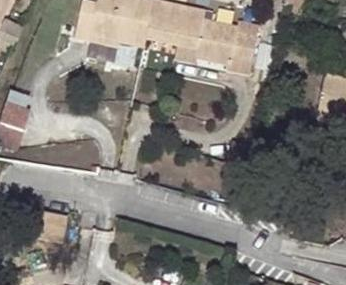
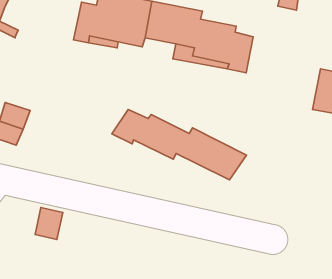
building: none -> [112,110,246,180]

